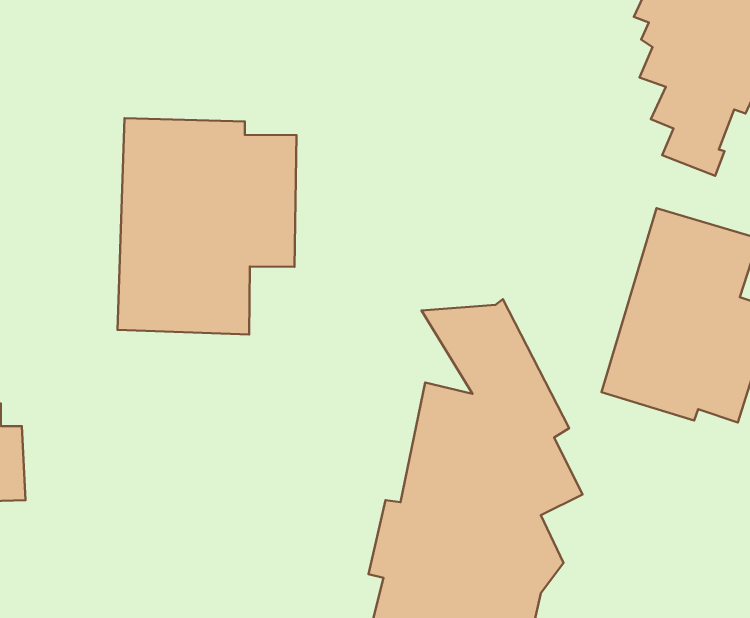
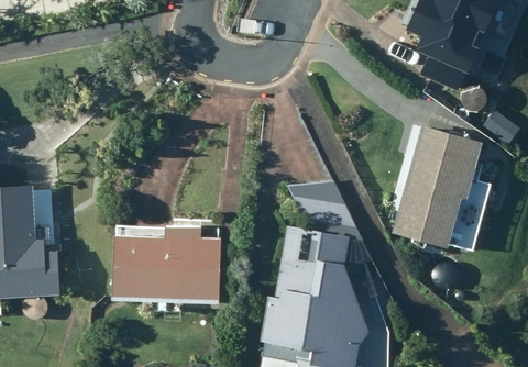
building: [117,118,297,335] -> none
building: none -> [110,225,220,311]

